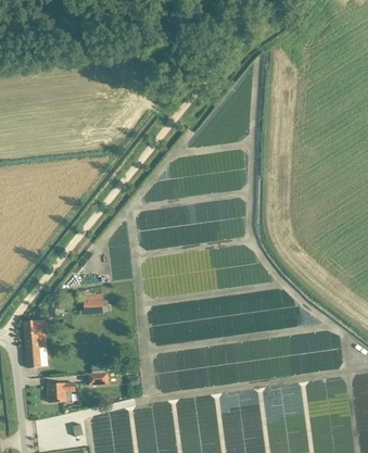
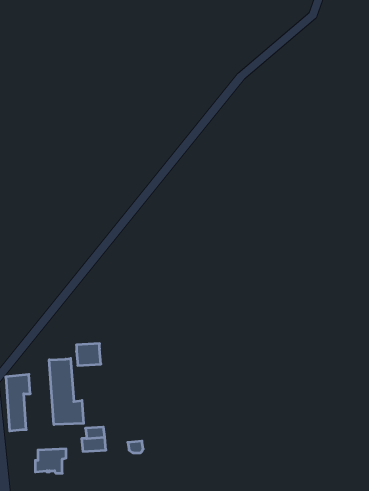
building: none -> [49,358,84,425]

